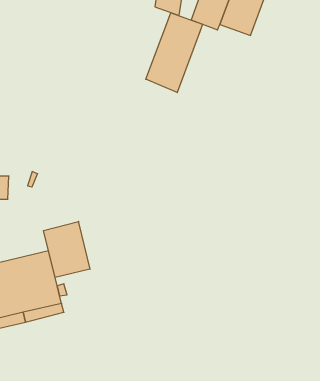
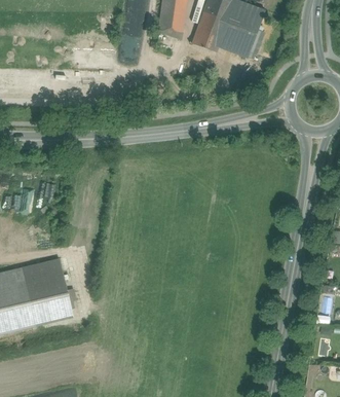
building: [146,13,202,93] -> none
building: [44,221,90,277] -> none

